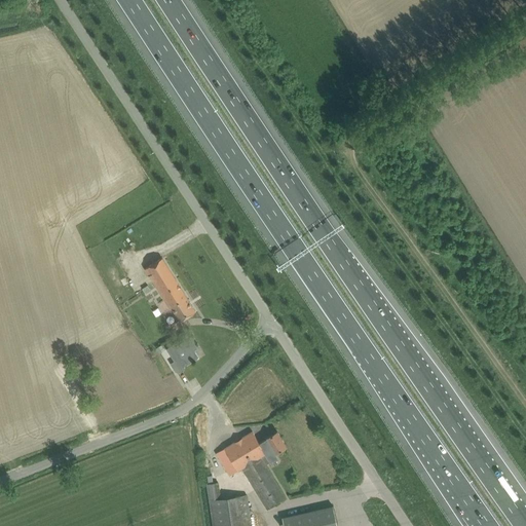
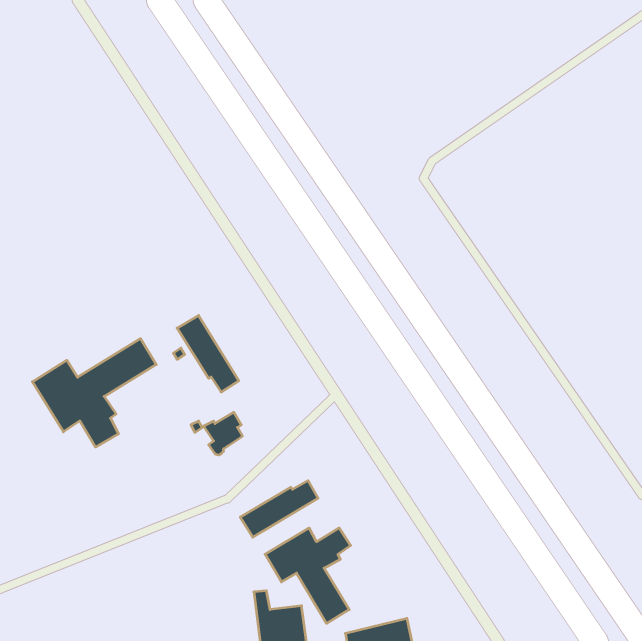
building: none -> [32,339,156,447]
building: none -> [240,481,318,537]

